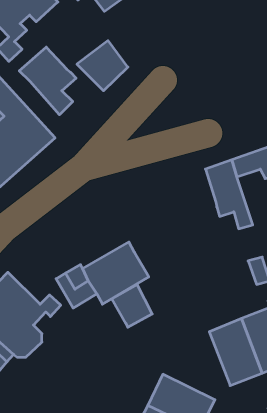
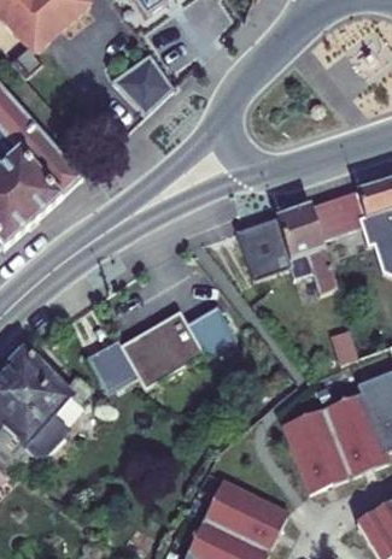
building: [19,47,76,115] -> none
building: none -> [235,217,291,280]
building: [112,285,152,327] -> [186,305,238,359]

